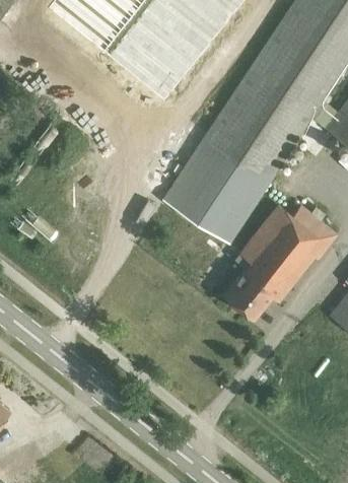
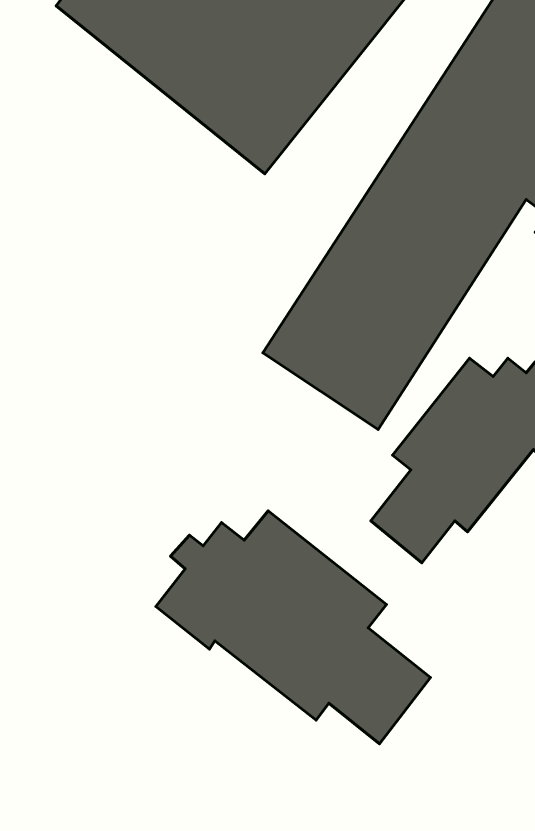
building: none -> [156,511,431,744]

